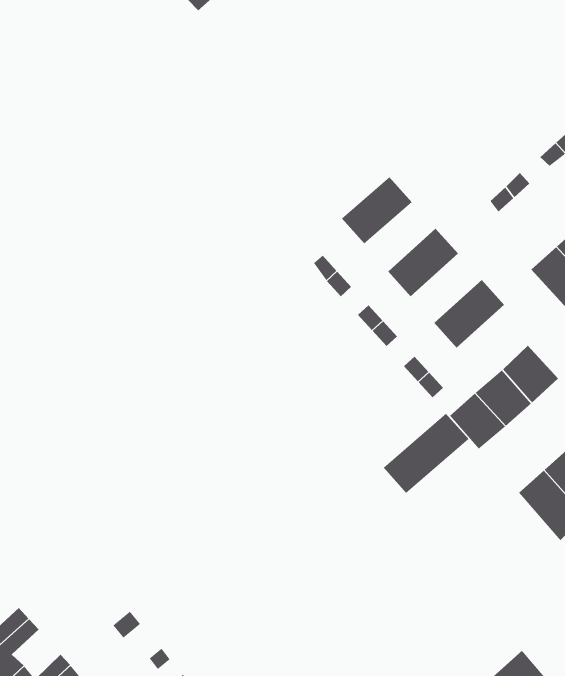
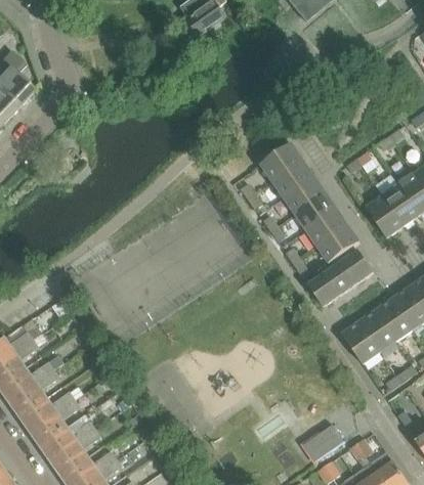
building: none -> [272,160,314,197]
building: none -> [295,192,337,230]
building: none -> [317,225,359,263]
building: [383,413,469,494] -> none

